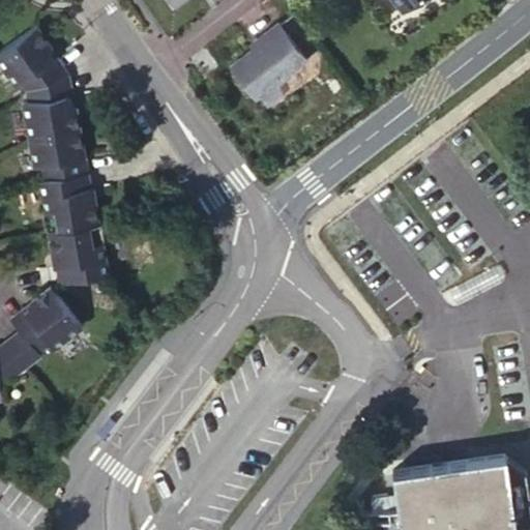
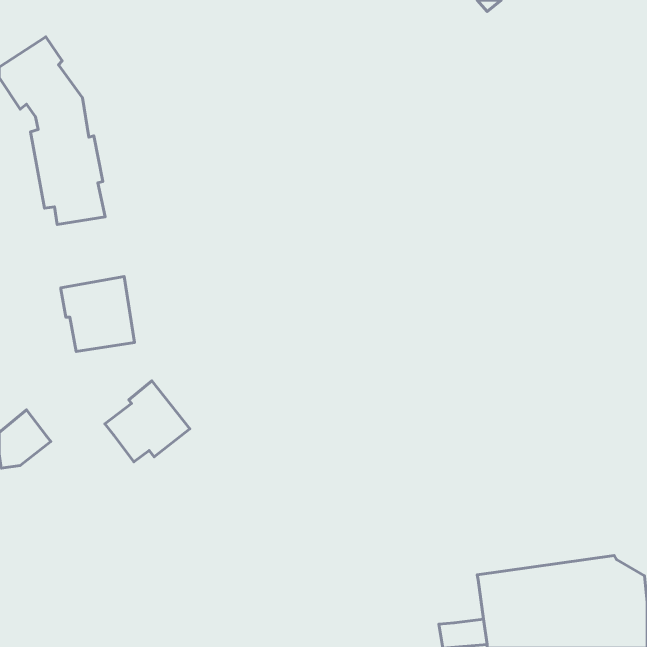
building: [227,23,302,98] -> none
building: [40,177,101,236] -> none
building: [14,291,84,357] -> [105,381,190,462]

